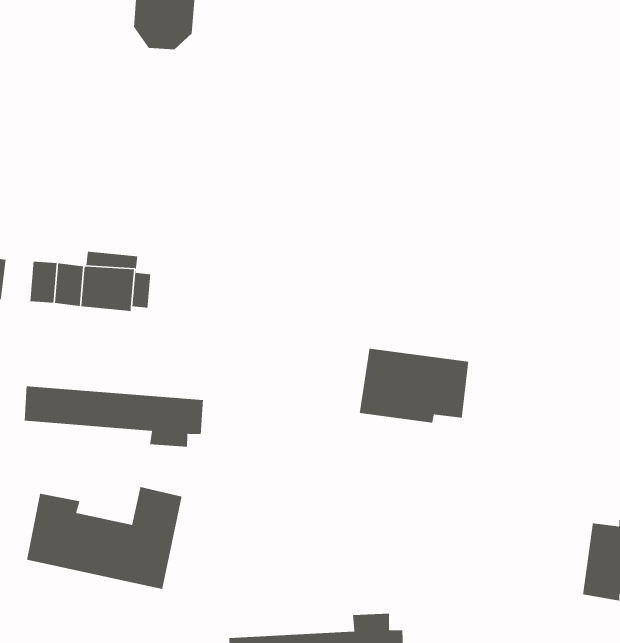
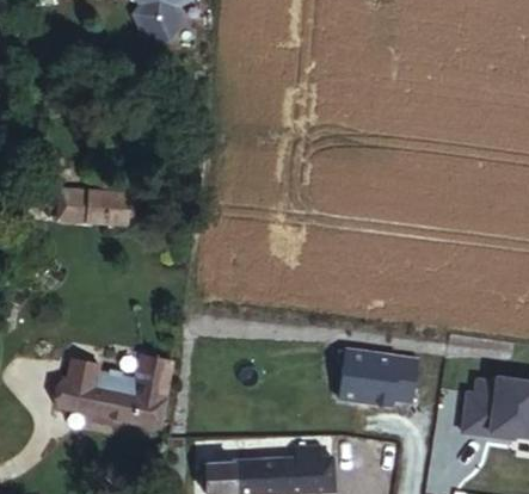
building: [359,348,469,424] -> [337,351,417,406]
building: [24,386,204,448] -> none

